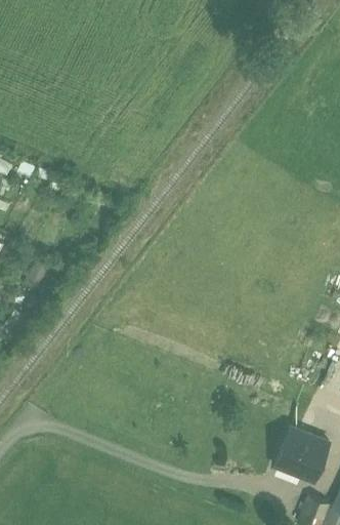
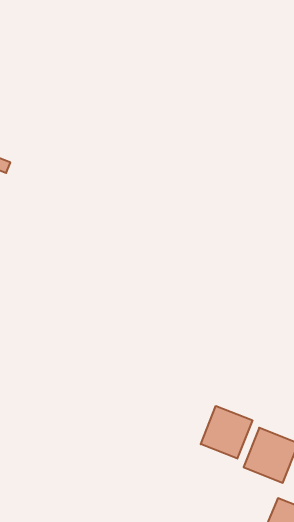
building: none -> [201,406,252,459]

